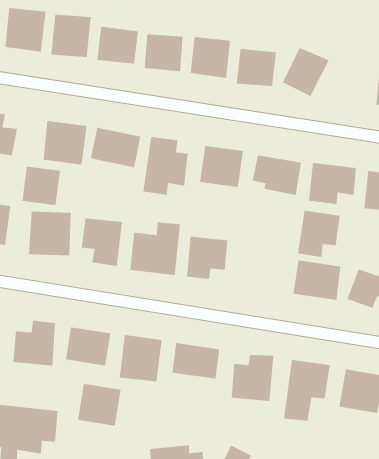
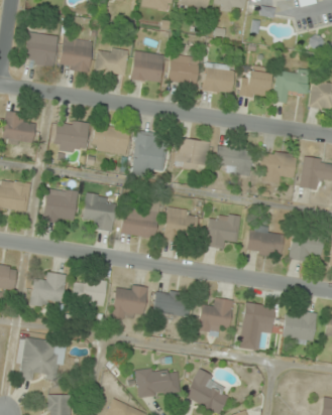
building: none -> [273,68,308,102]
building: [22,166,61,206] -> none
building: [297,210,341,258] -> [206,213,239,249]
building: [78,383,121,426] -> none

